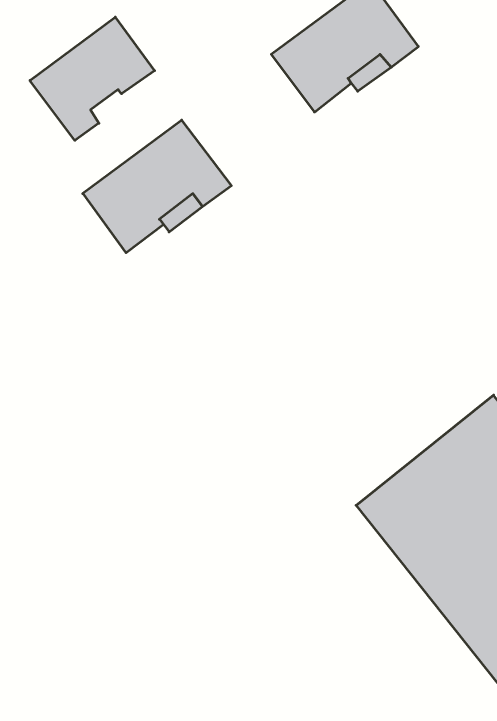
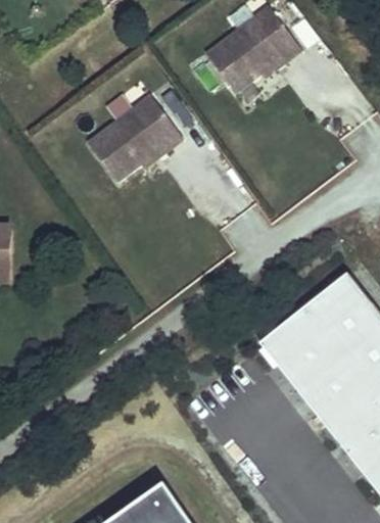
building: [30,17,155,140] -> none

